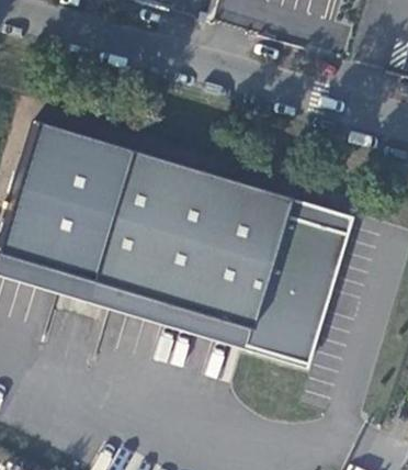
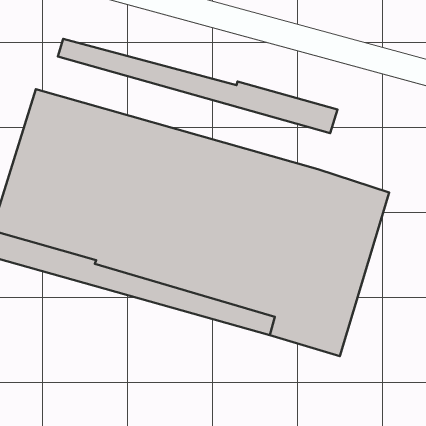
building: none -> [58,39,338,133]

